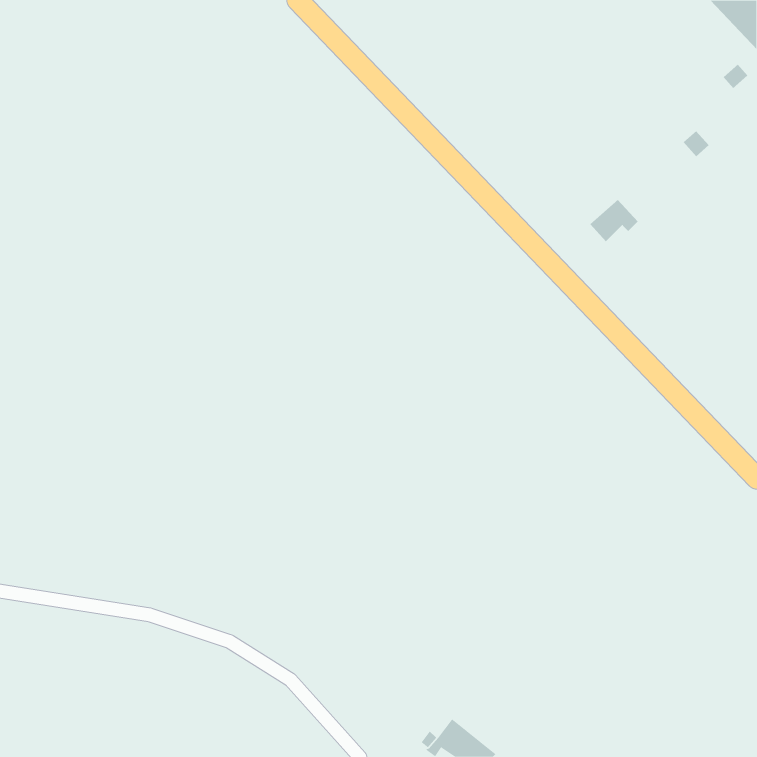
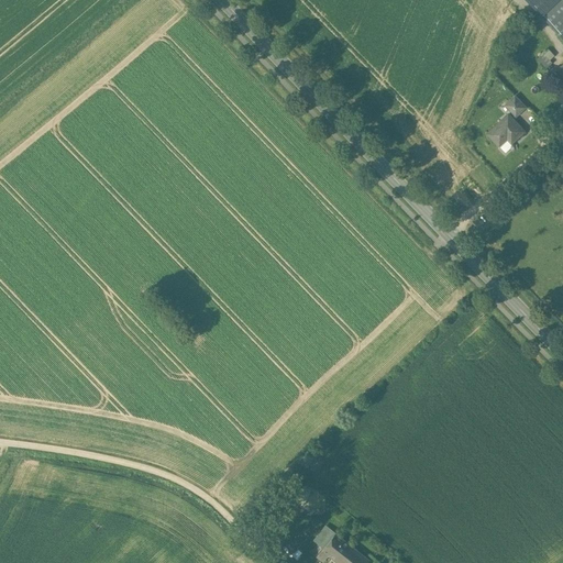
building: [590,199,639,242] -> [488,115,525,147]

